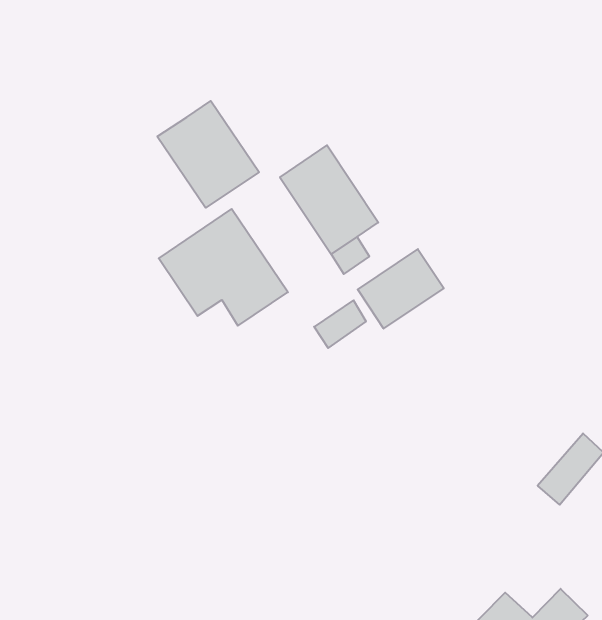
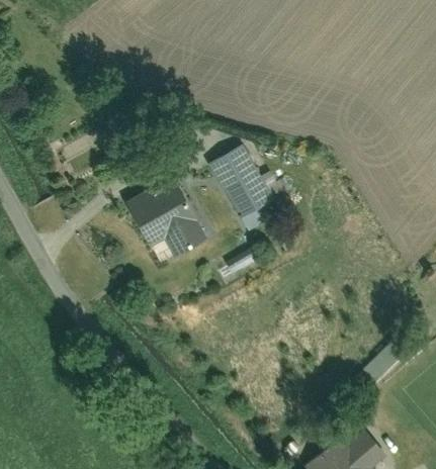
building: [157,101,259,208] -> none
building: [358,249,444,329] -> none

